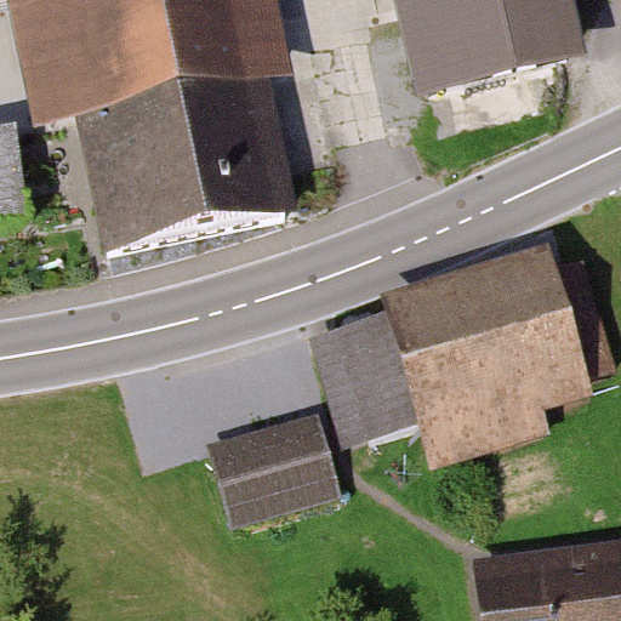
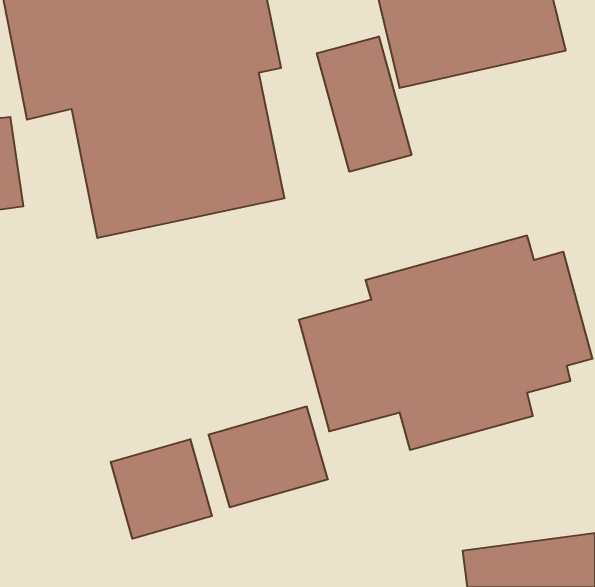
building: none -> [317,36,411,172]
building: none -> [111,439,212,539]

